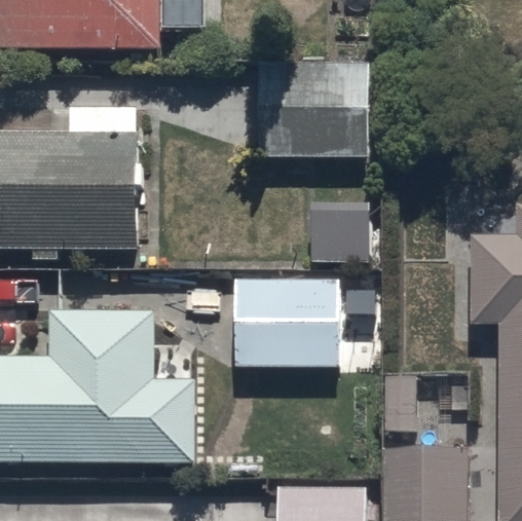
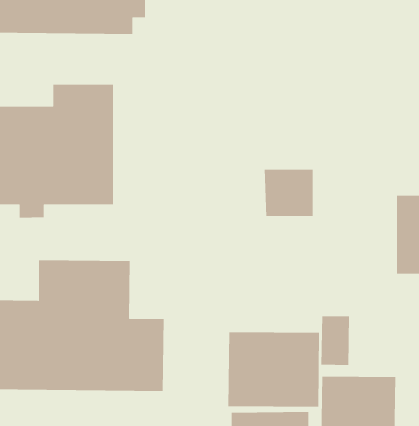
building: [261,60,373,155] -> none
building: [234,277,341,366] -> [228,331,320,408]

